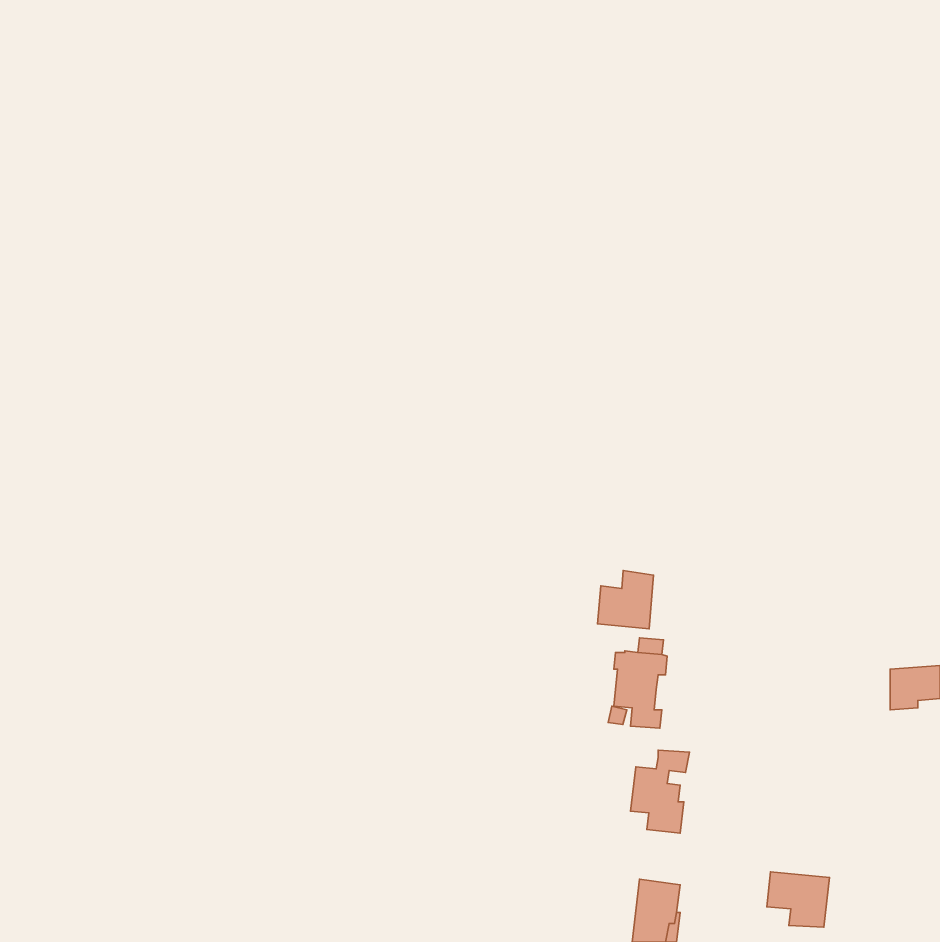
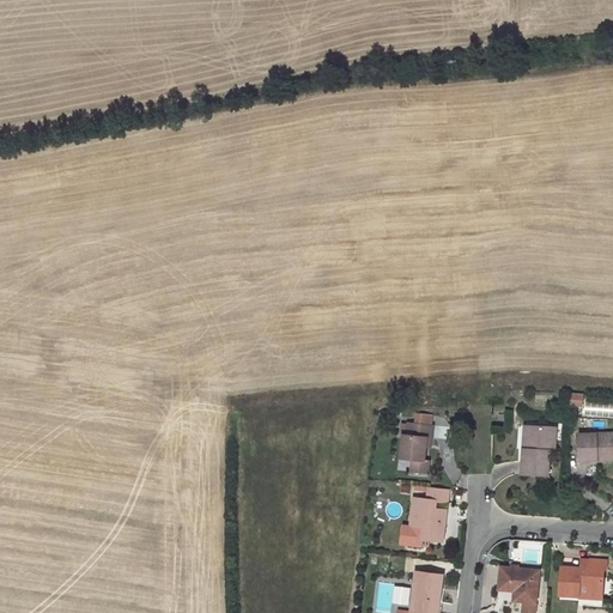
building: [597,571,654,629] -> none
building: none -> [521,425,556,475]
building: none -> [559,559,606,596]

